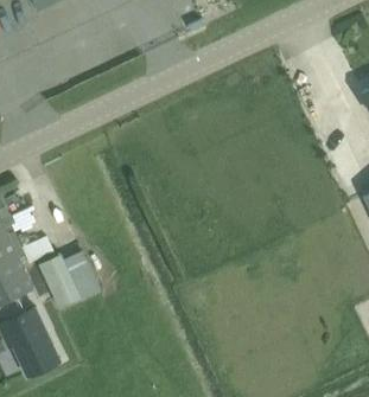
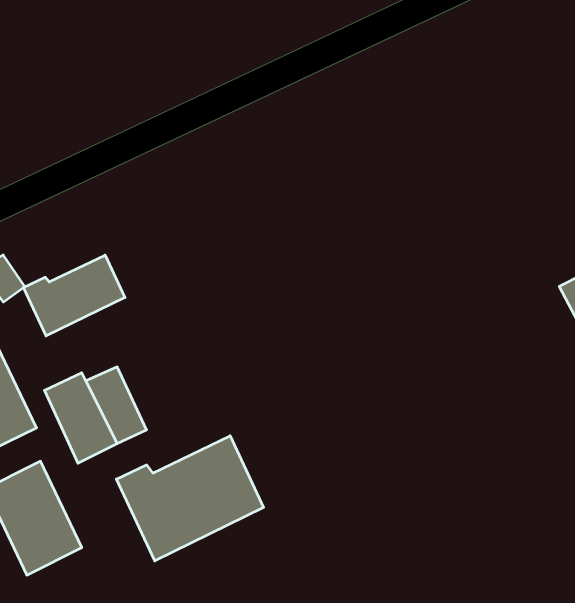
building: none -> [23,255,125,336]
building: none -> [116,436,264,561]

